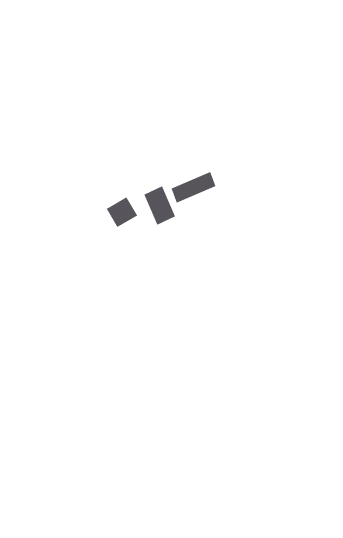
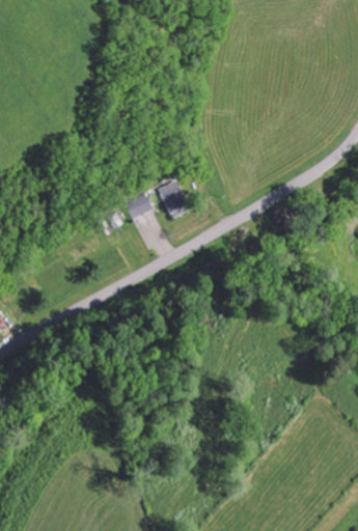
building: [171,171,216,204] -> none

